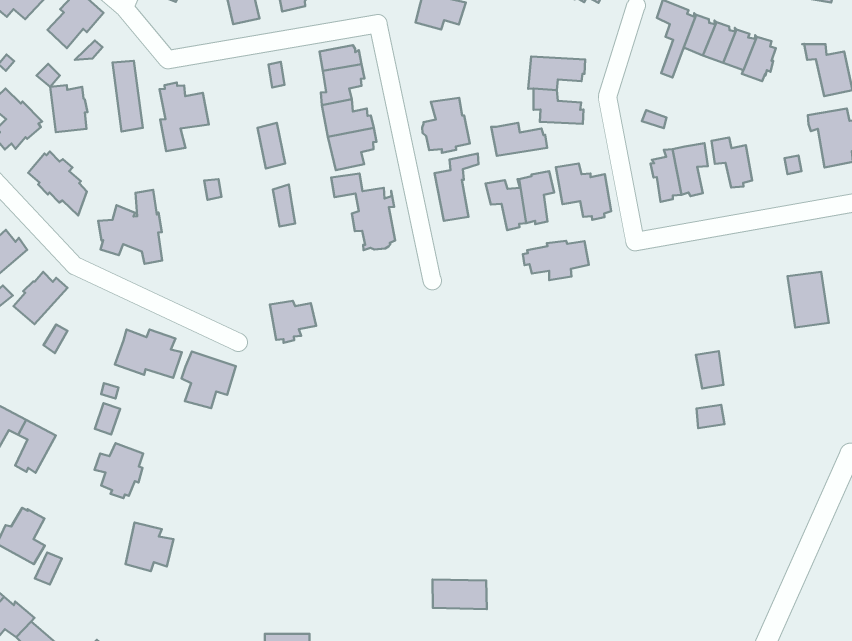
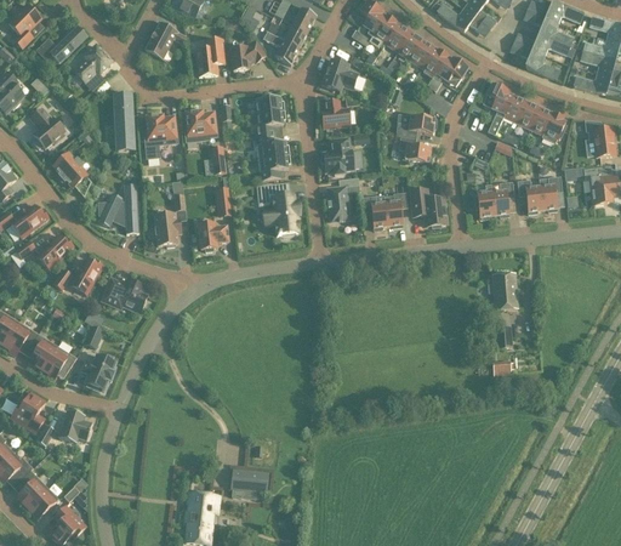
building: none -> [320,99,349,127]
building: none -> [184,109,216,141]
building: [50,85,88,132] -> none
building: [491,123,547,156] -> none
building: none -> [540,175,562,211]
building: none -> [153,212,181,246]
building: [523,241,589,280] -> none
building: [788,272,829,327] -> [491,272,517,308]
building: [270,301,316,343] -> [198,222,228,250]
building: none -> [69,257,103,294]
building: [181,351,236,408] -> none
building: none -> [41,345,76,379]
building: [125,522,174,571] -> [58,409,92,443]
building: [433,579,487,609] -> [230,468,268,491]

